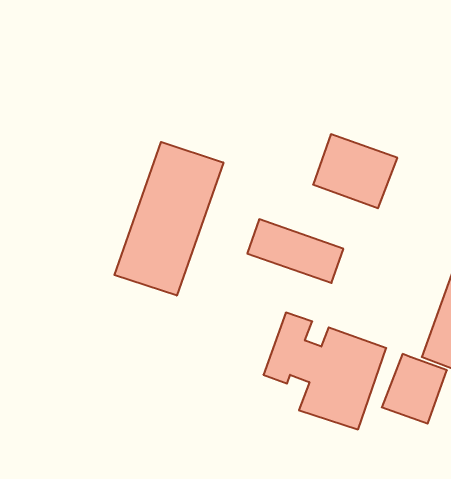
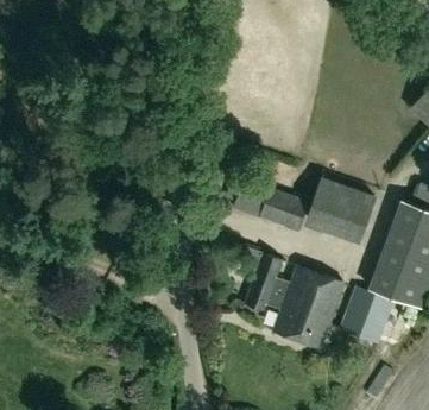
building: [313,134,397,208] -> [305,177,373,236]
building: [114,142,223,296] -> none

